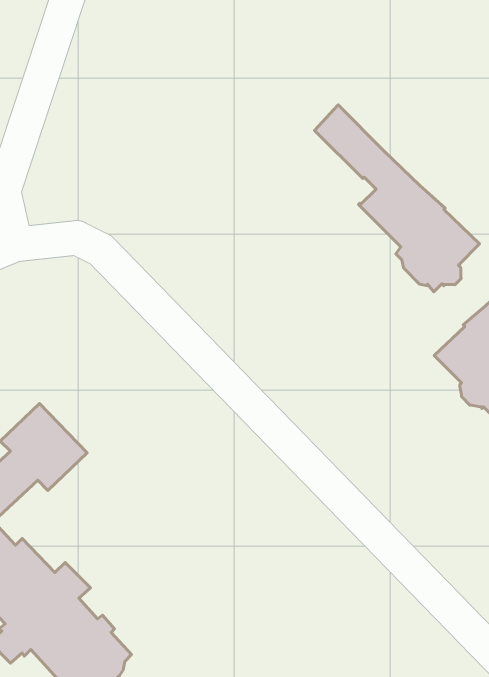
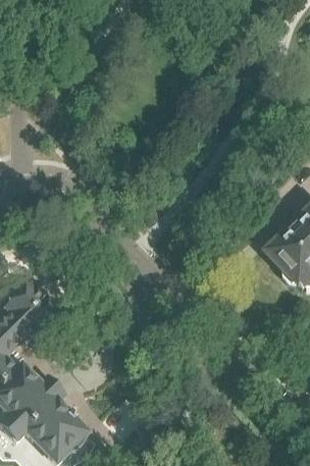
building: [315,105,480,292] -> none

